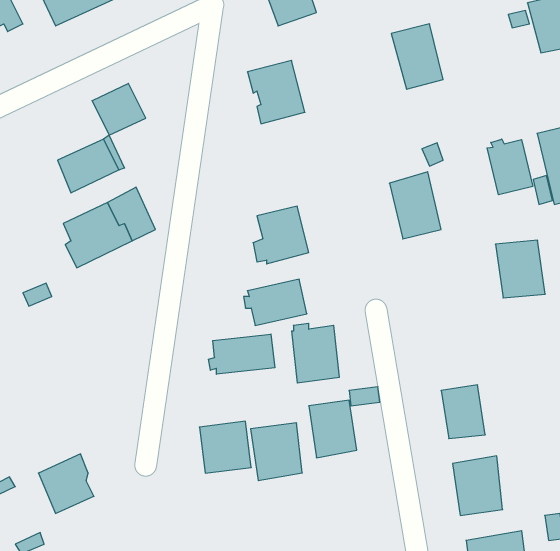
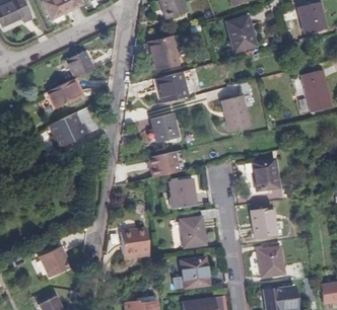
building: none -> [157,74,190,104]
building: [487,139,533,195] -> none
building: [495,240,545,298] -> [255,160,281,190]
building: [209,334,275,374] -> none
building: [251,423,302,481] -> [183,257,210,288]

